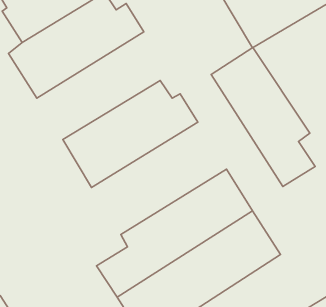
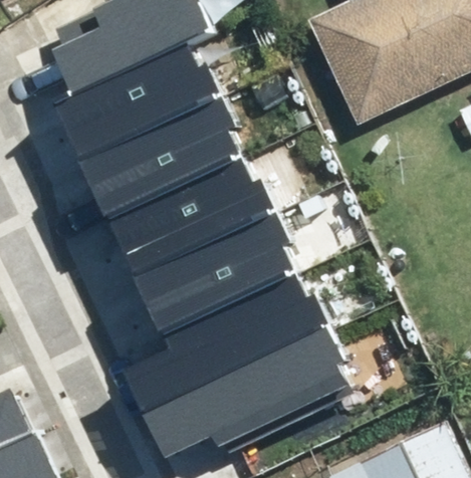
building: none -> [83,93,237,211]
building: [211,48,315,187] -> none
building: none -> [136,211,301,334]

